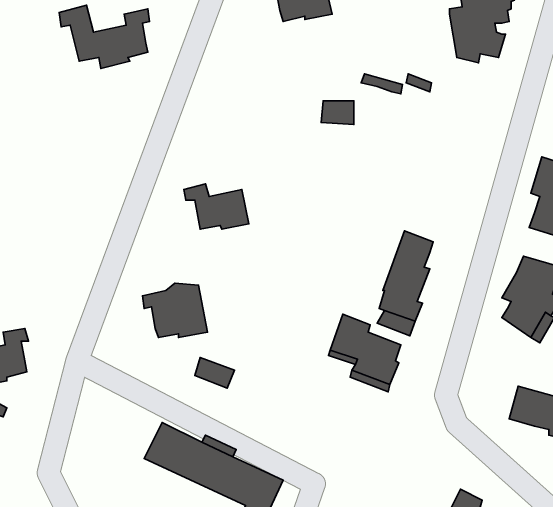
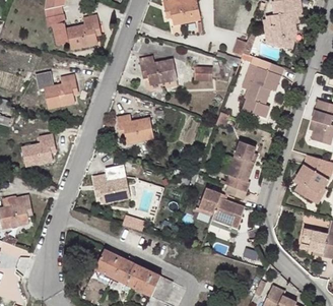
building: none -> [140,56,177,82]
building: none -> [244,58,284,117]
building: none -> [35,71,75,107]
building: none -> [21,133,53,166]

